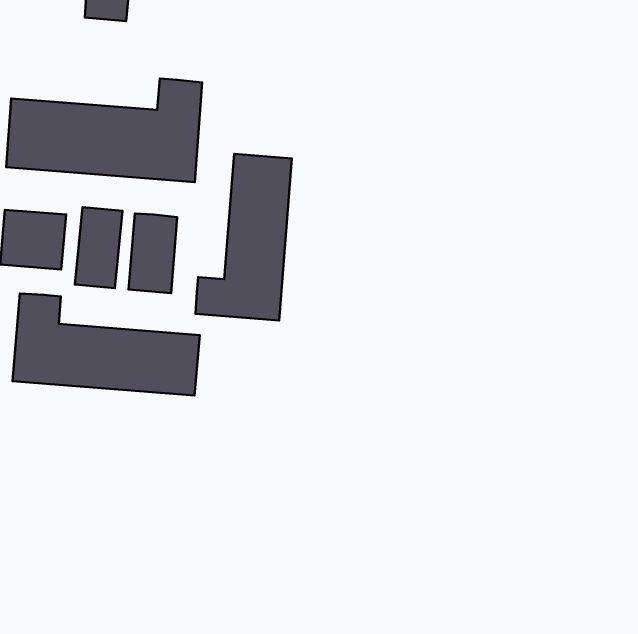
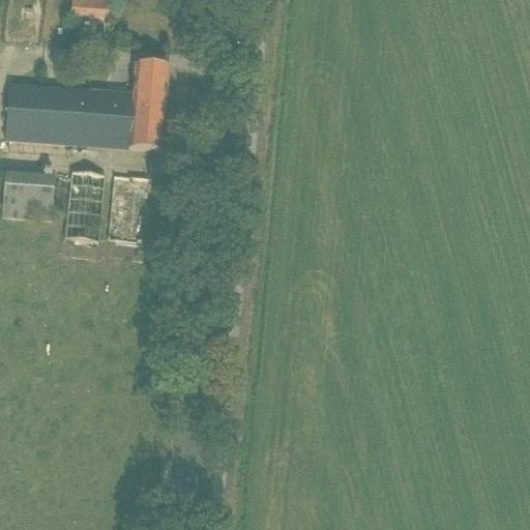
building: [196,154,292,321] -> none
building: [13,294,200,395] -> none

